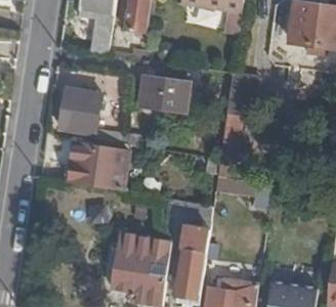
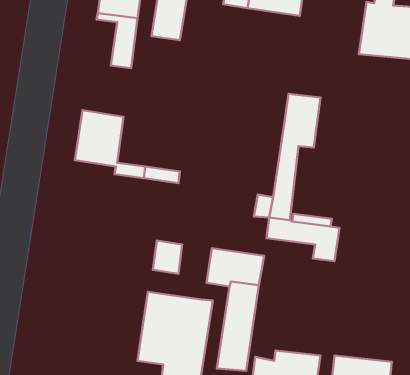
building: [139,62,191,115] -> none
building: [66,143,126,192] -> none

